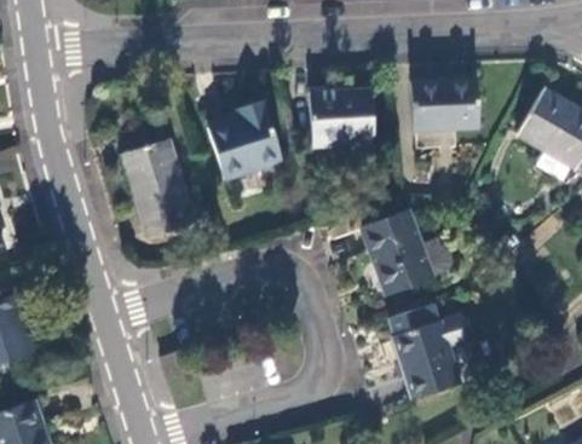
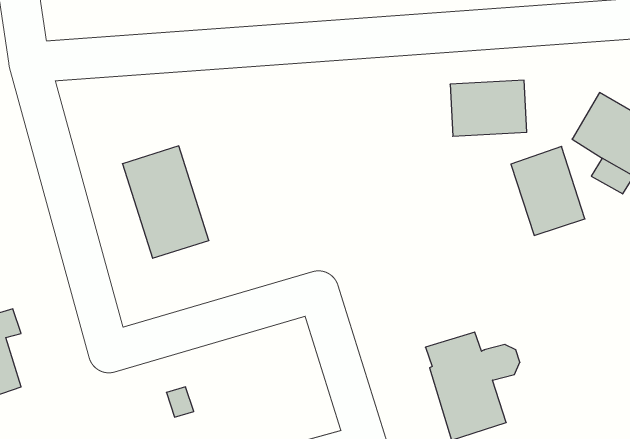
building: [311,91,376,149] -> none
building: [209,103,282,180] -> none
building: [364,214,430,293] -> [511,146,585,235]

